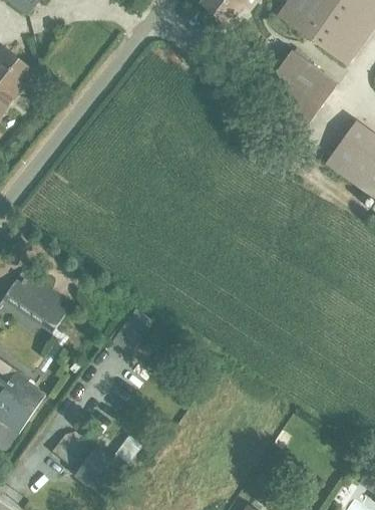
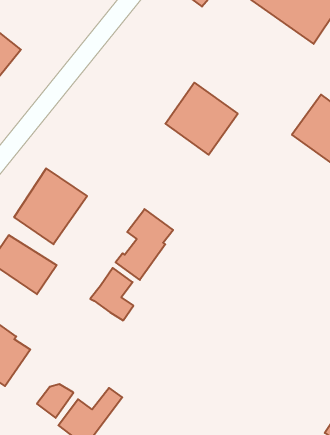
building: [260,50,337,128] -> [165,83,238,155]
building: none -> [14,168,87,244]
building: none -> [116,209,173,280]

